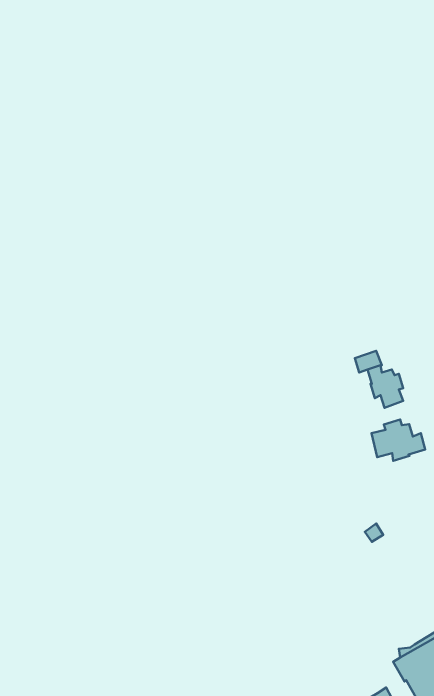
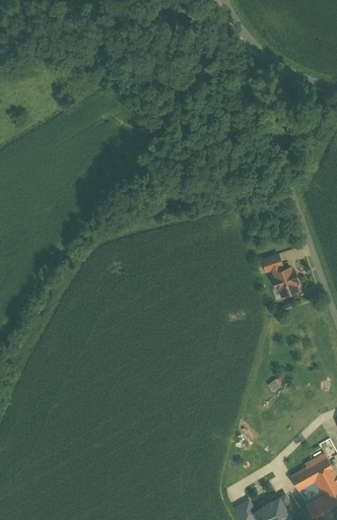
building: [372,420,425,461] -> none

